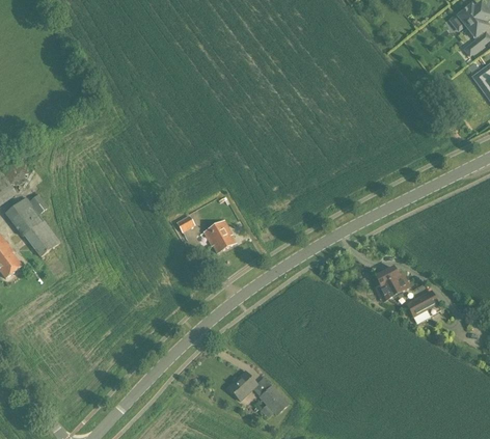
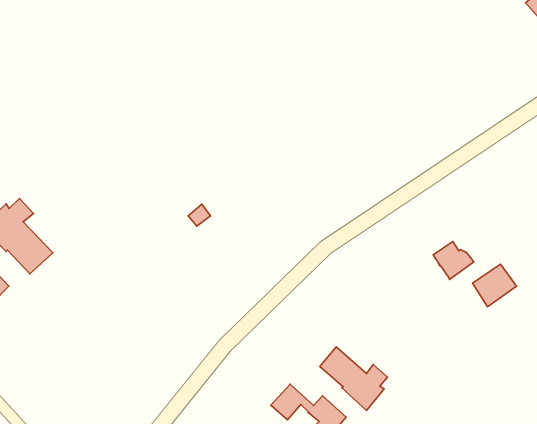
building: [203,219,235,252] -> none
building: none -> [320,347,387,410]

